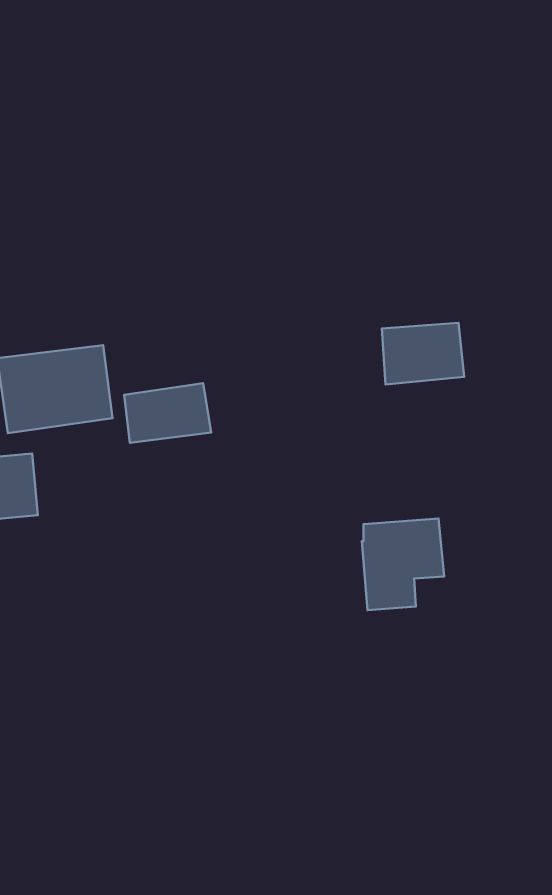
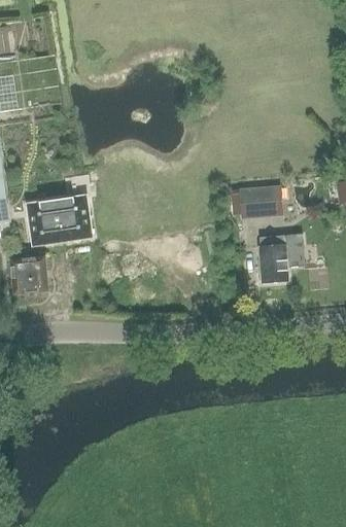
building: [124,383,211,443] -> none
building: [362,519,444,610] -> [258,234,304,284]

